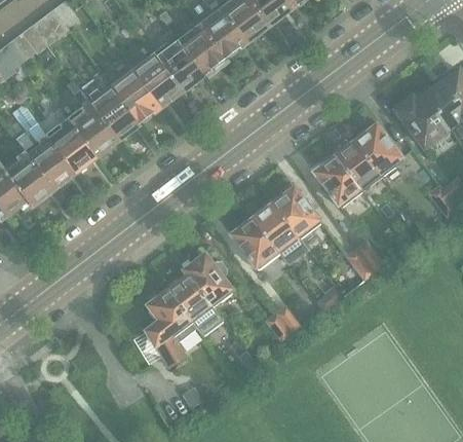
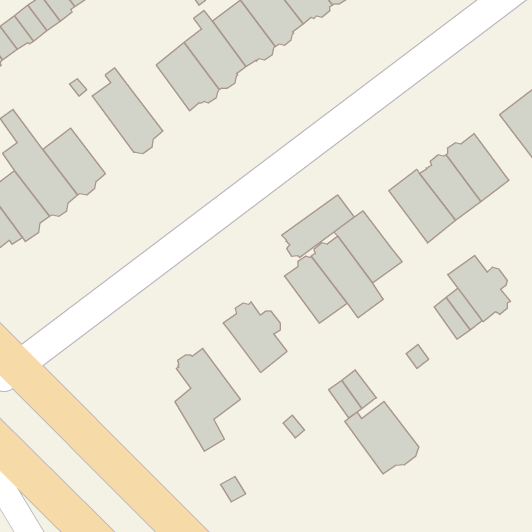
building: [110,71,157,122] -> none
building: [66,103,114,154] -> none
building: none -> [282,195,354,258]
building: none -> [448,255,510,322]
building: [167,274,221,335] -> none
building: none -> [345,401,419,474]

